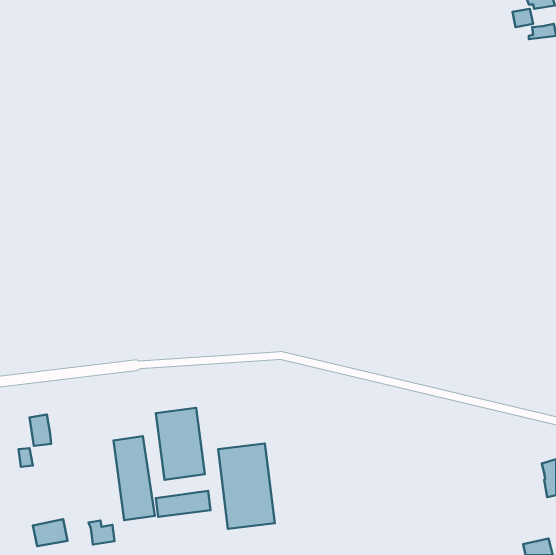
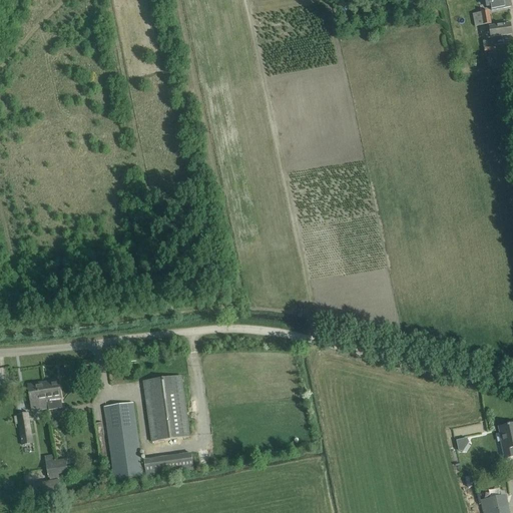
building: none -> [43,379,61,408]
building: [218,444,275,529] -> none
building: [88,520,115,544] -> [43,453,67,475]

